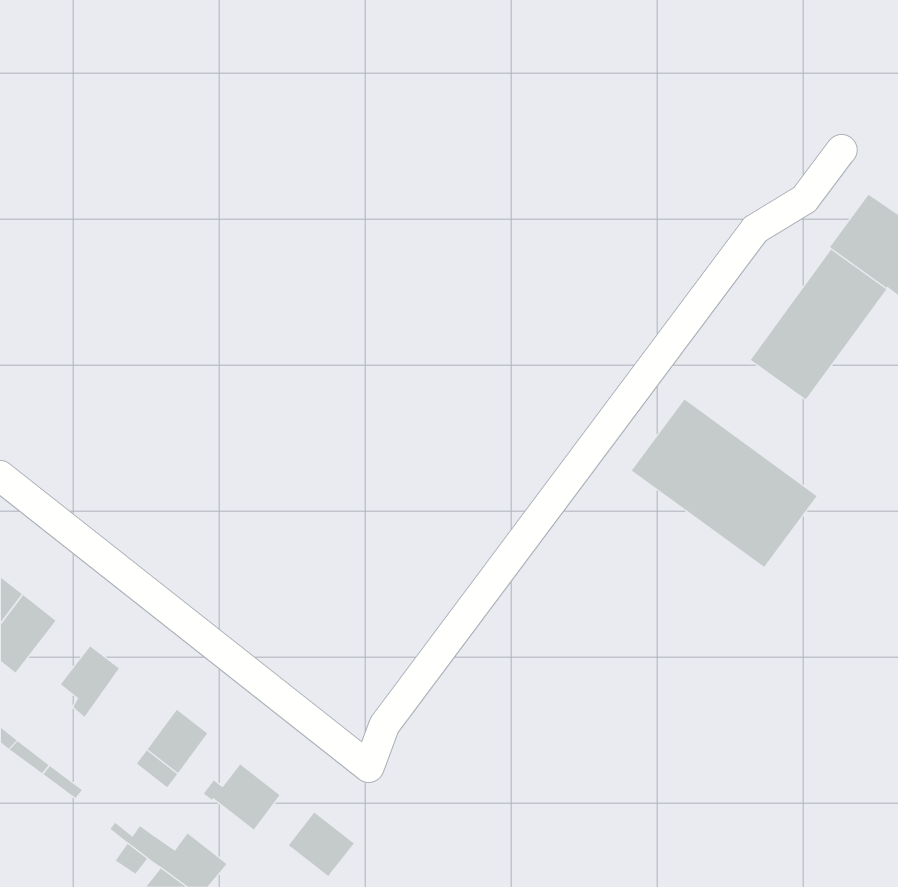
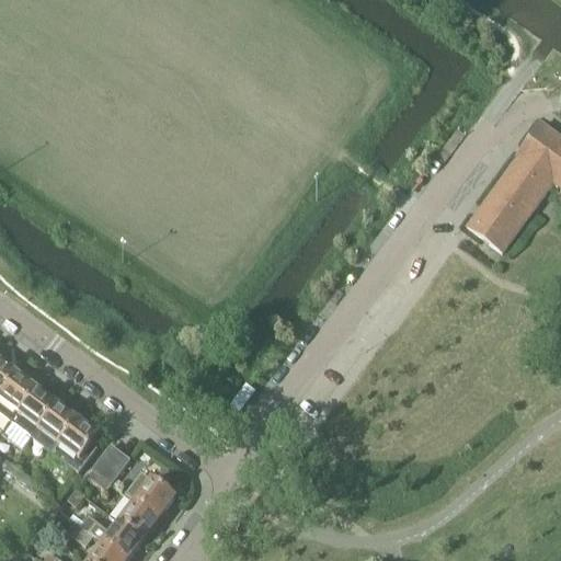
building: [631,399,817,568] -> none
building: none -> [12,386,58,434]
building: none -> [53,415,99,469]
building: [288,812,355,877] -> [118,496,160,537]

